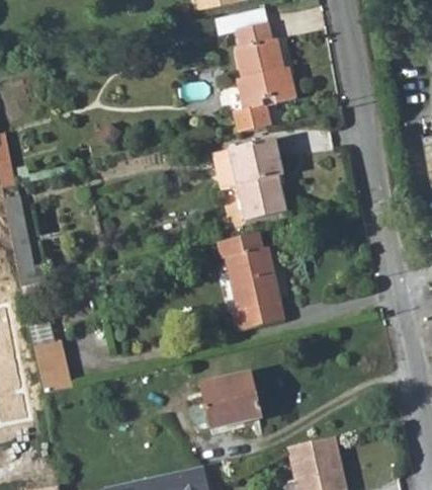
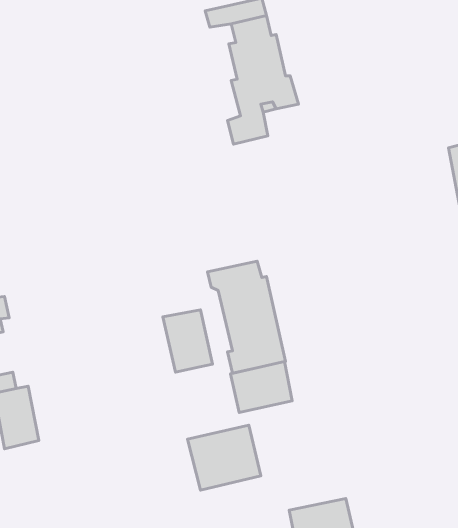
building: [210,139,285,220] -> none
building: none -> [163,310,213,372]
building: none -> [231,362,292,412]

